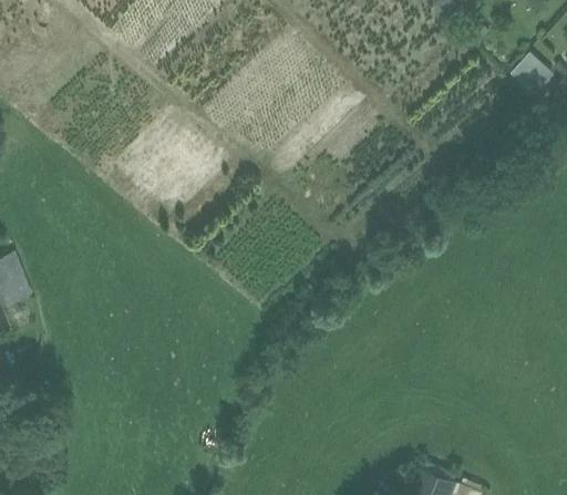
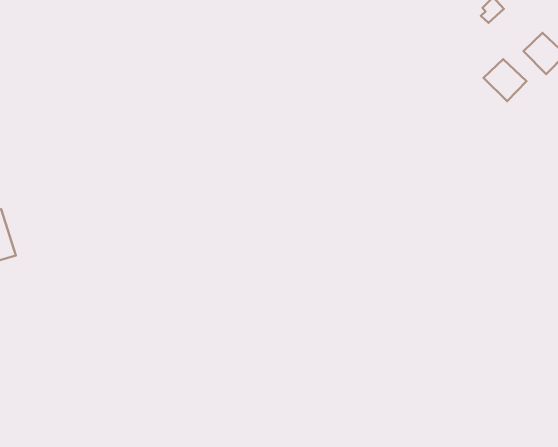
building: none -> [484,59,526,101]

